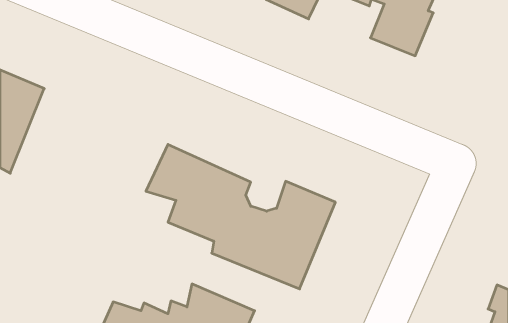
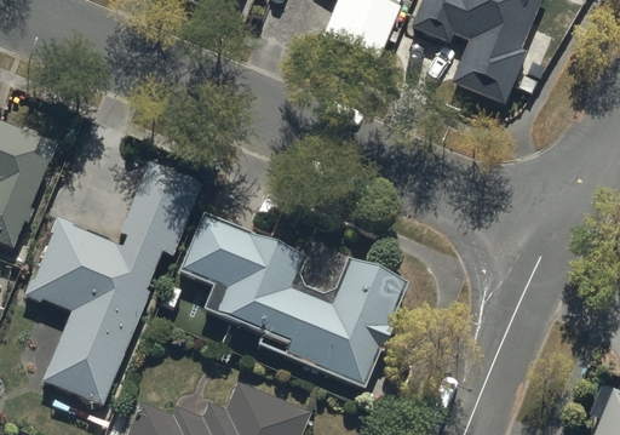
building: none -> [24,160,205,406]

